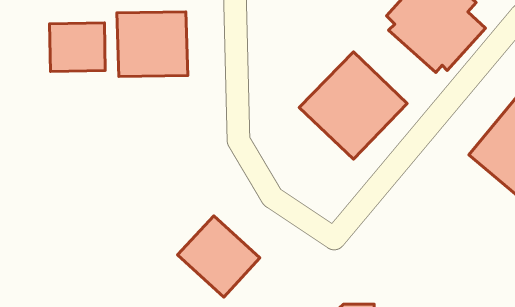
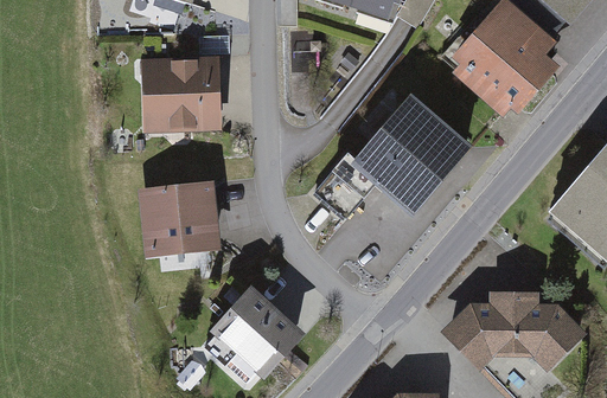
building: [50,23,105,72] -> none
building: none -> [139,182,221,253]
building: none -> [440,290,588,372]

